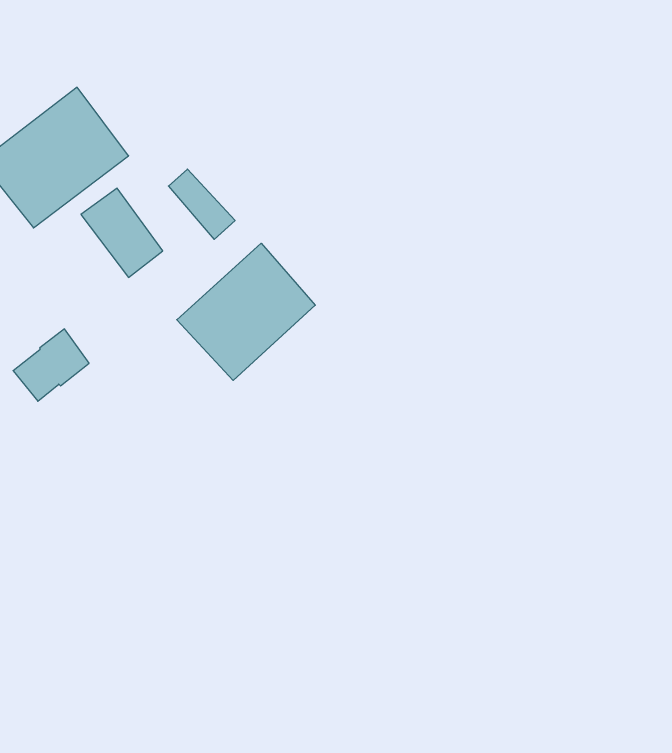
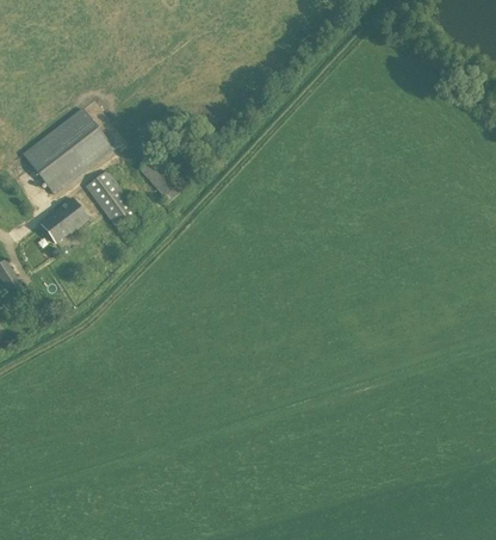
building: [177,243,315,380] -> none
building: [13,329,89,401] -> [41,197,88,242]

